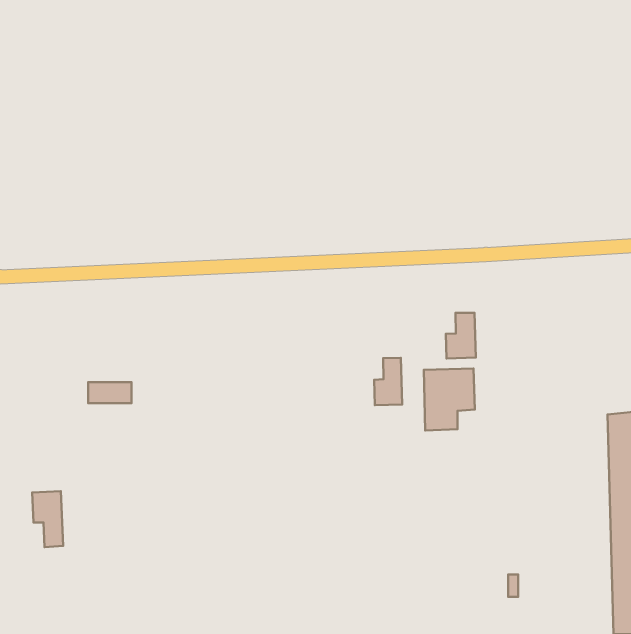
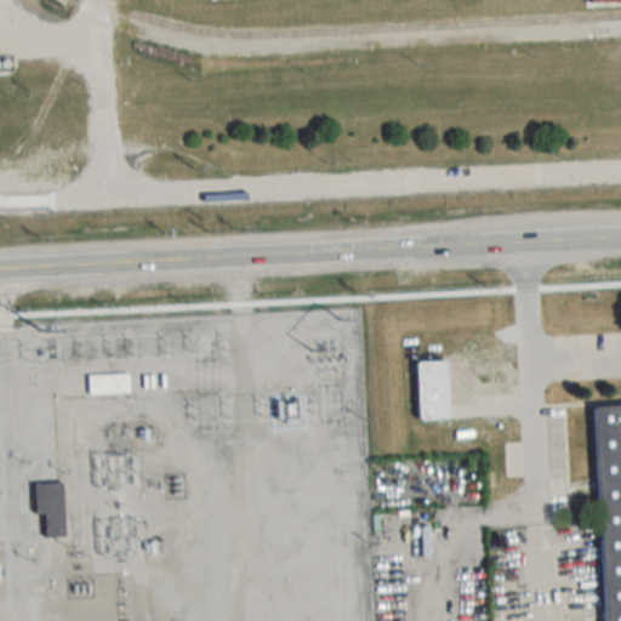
building: [446,313,476,358] -> none
building: [374,358,402,405] -> none

